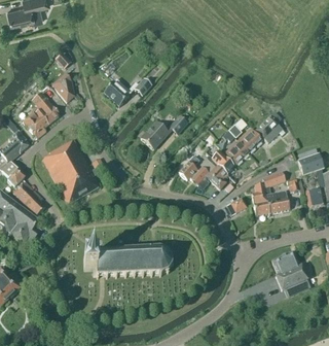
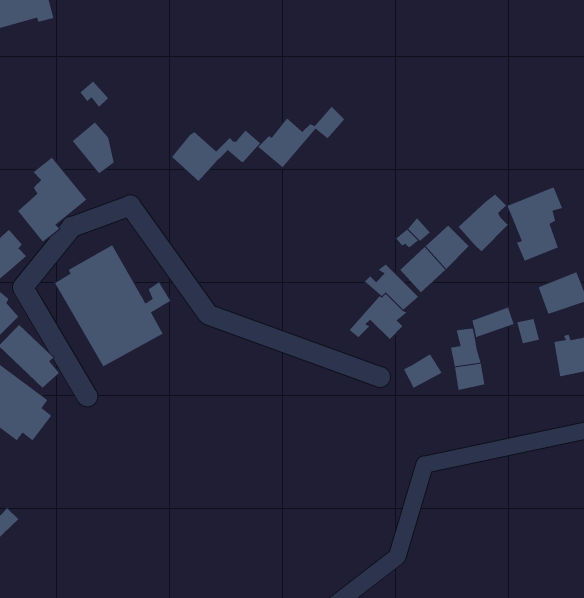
building: none -> [507,187,563,262]
building: [140,116,186,149] -> [257,106,345,168]
building: [178,155,214,185] -> none
building: [265,191,289,213] -> none
building: [82,246,172,278] -> none
building: [271,251,307,293] -> none

